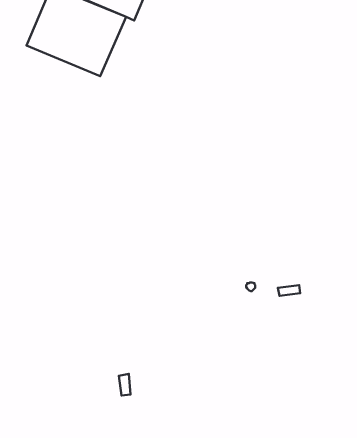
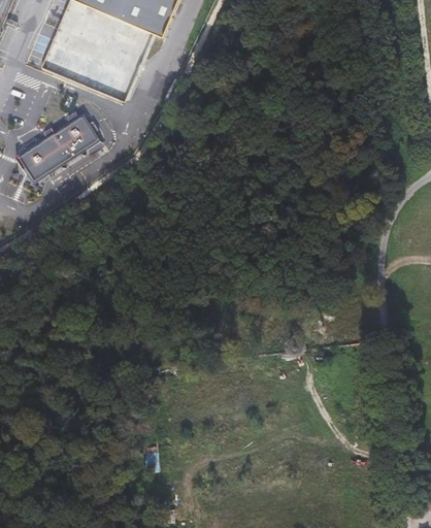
building: none -> [18,113,98,179]

